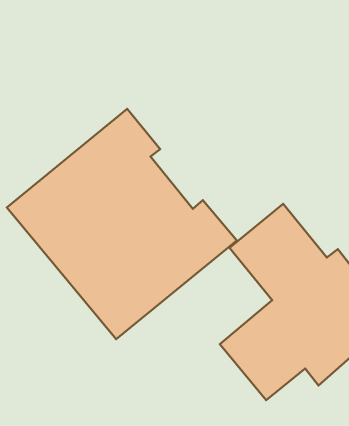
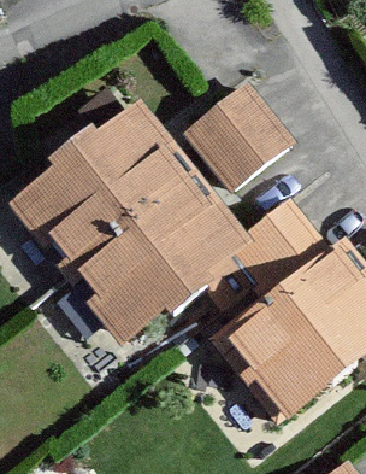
building: none -> [191,82,288,177]

